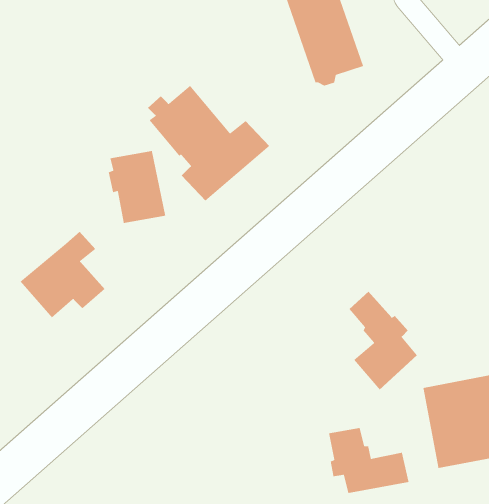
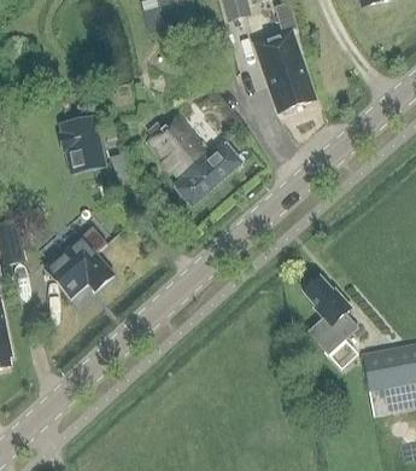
building: [108,150,166,224] -> [59,115,105,173]
building: [328,427,410,494] -> none

